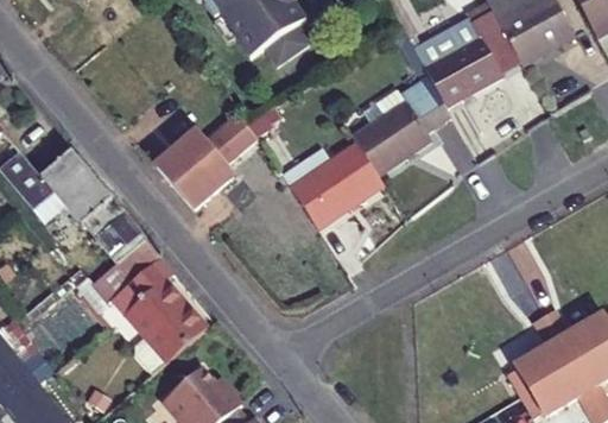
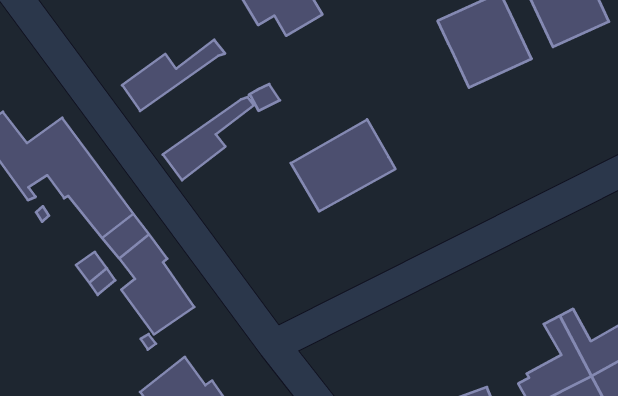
building: [353,72,452,173] -> none
building: [153,114,246,183] -> [122,40,225,111]

